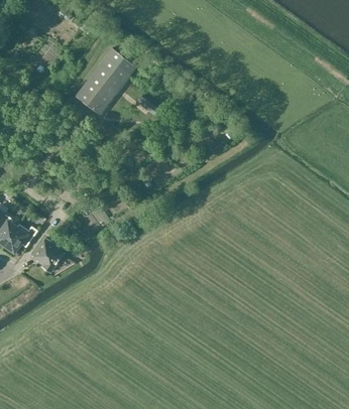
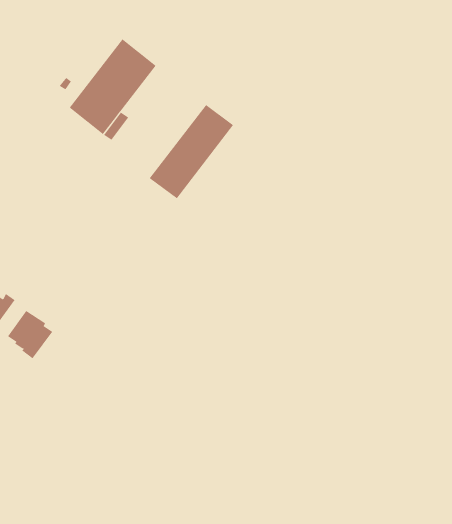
building: none -> [149,104,234,199]

